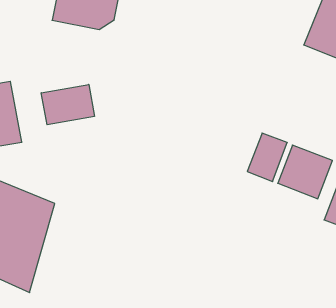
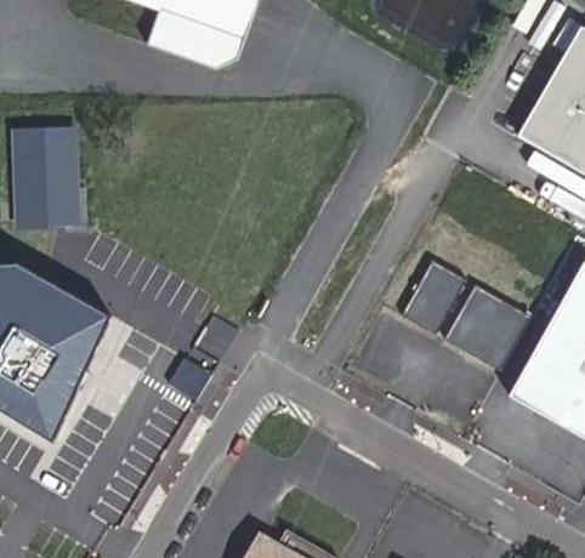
building: [41,84,94,125] -> none

